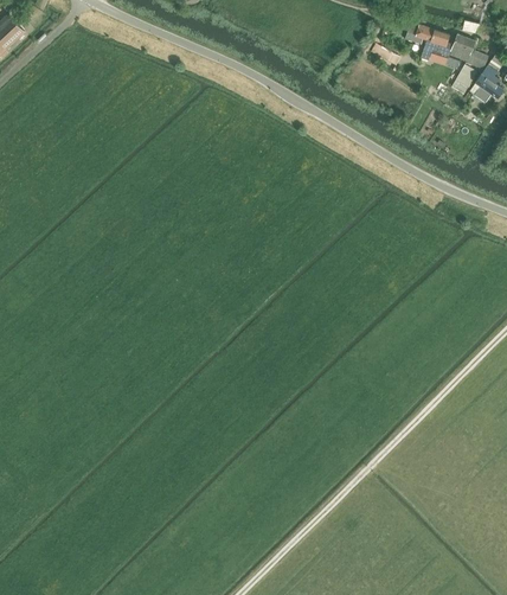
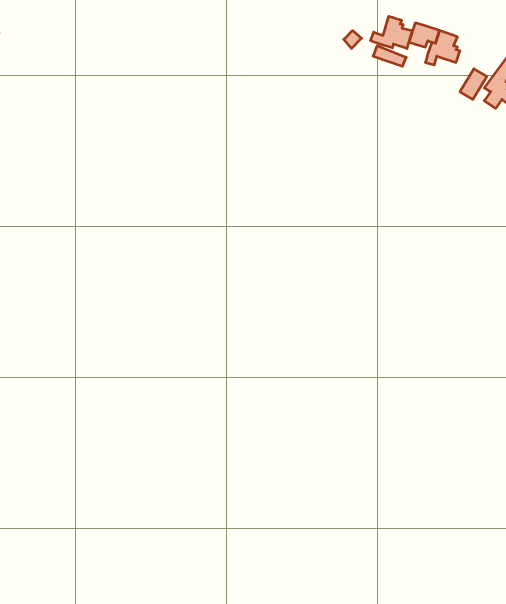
building: none -> [371,16,412,49]
building: [450,34,489,69] -> none

